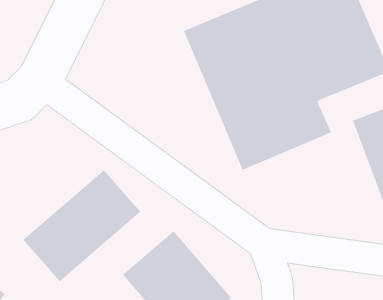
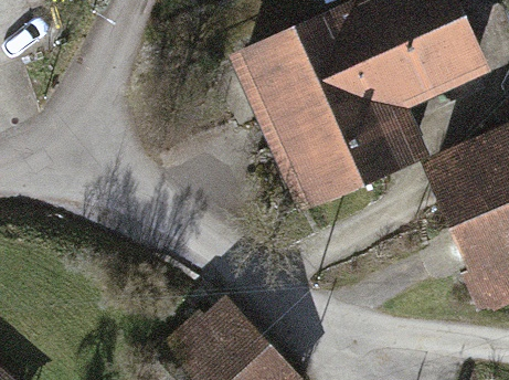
building: [23,169,141,282] -> none

